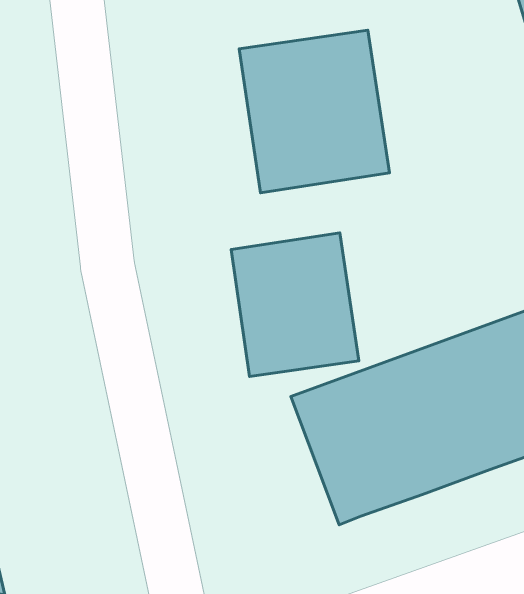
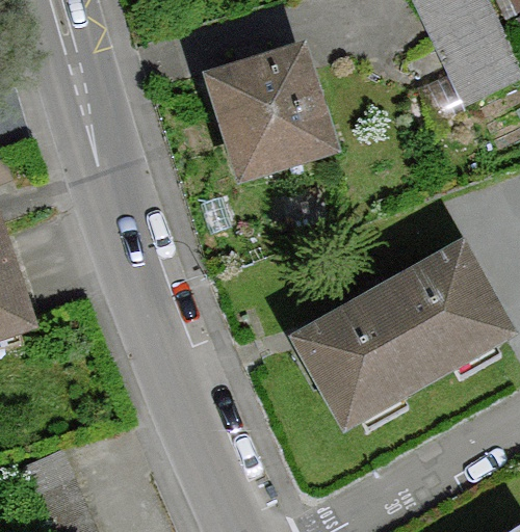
building: [231,233,359,377] -> none

